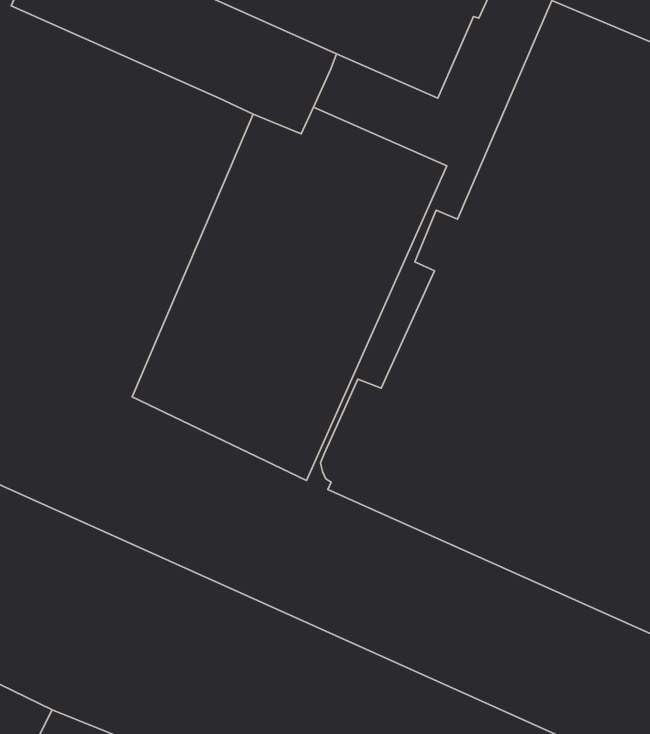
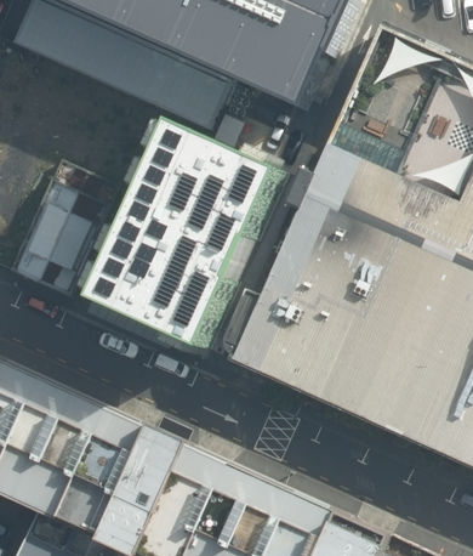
building: none -> [6,159,108,295]

